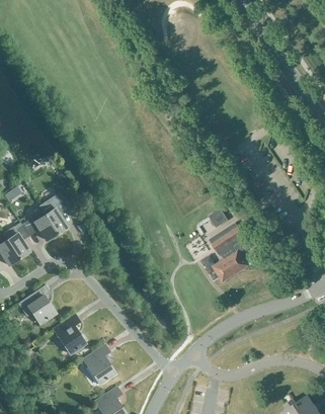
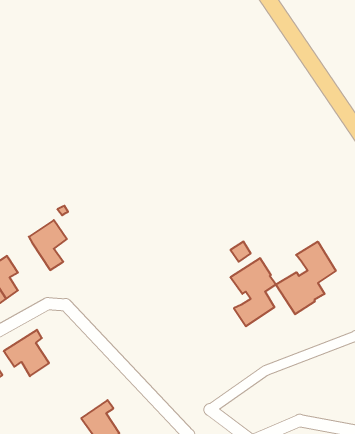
building: none -> [276,242,336,314]
building: [20,211,56,240] -> none
building: [53,315,85,353] -> none

